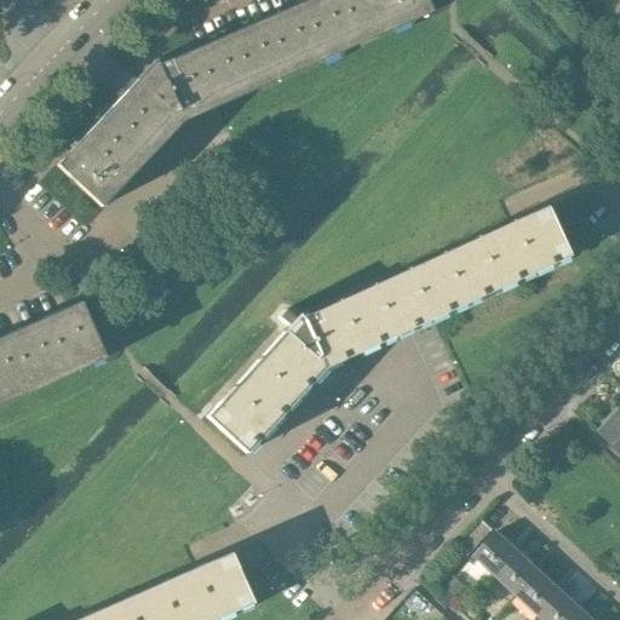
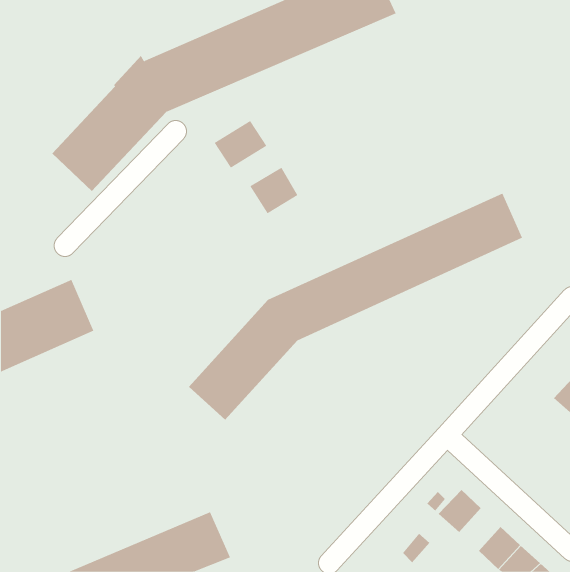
building: none -> [214,120,267,169]
building: none -> [250,167,298,214]
building: [499,549,544,595] -> none

